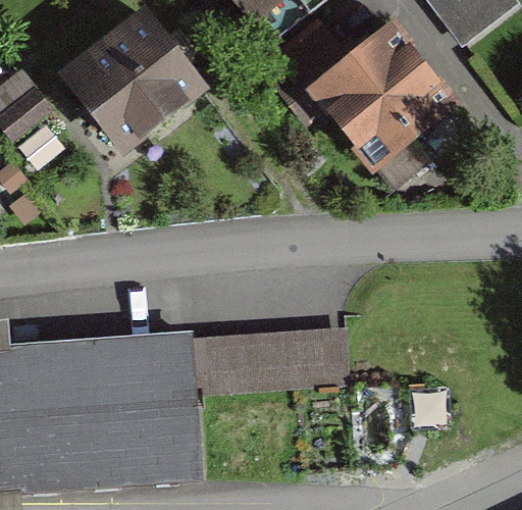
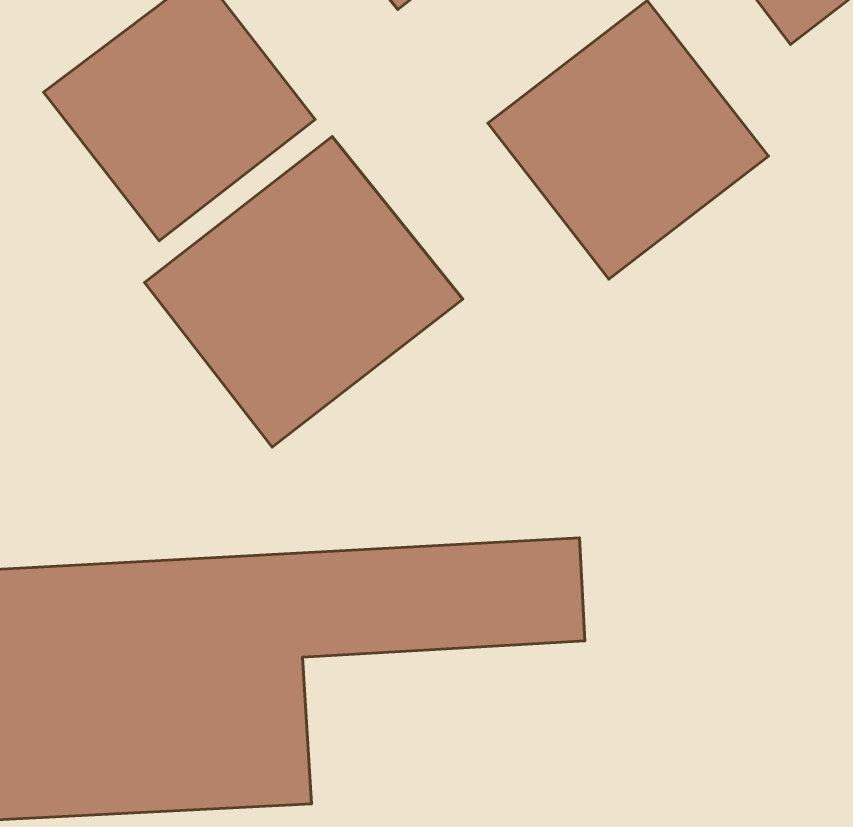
building: none -> [145,137,463,447]

